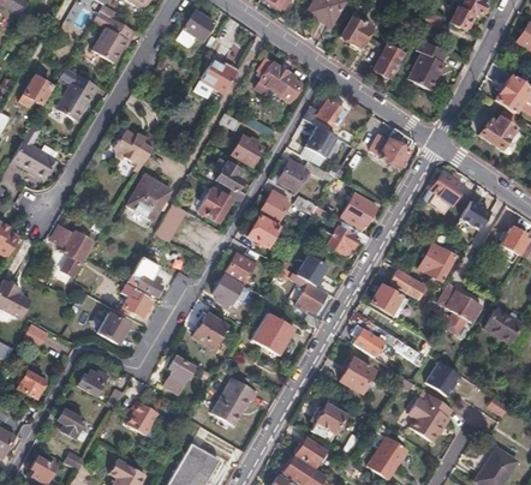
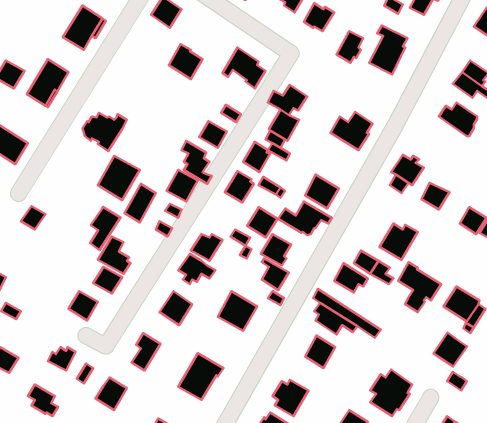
building: [247,216,279,247] -> [247,207,277,238]
building: [62,232,94,276] -> [90,207,120,250]
building: [426,360,461,395] -> [434,333,467,366]

